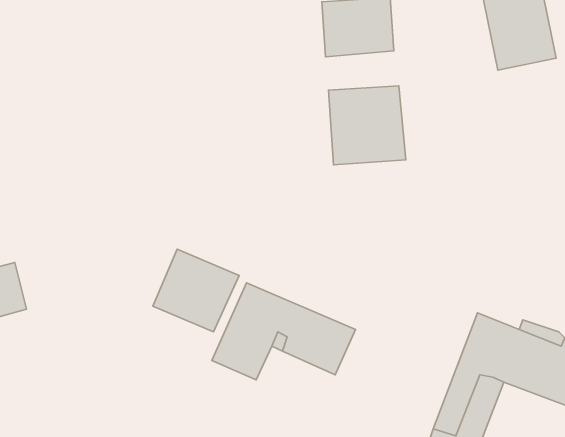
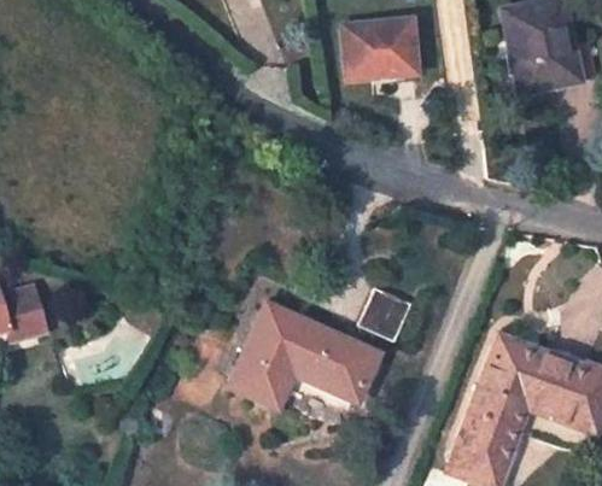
building: [328,86,406,165] -> none
building: [153,249,239,332] -> none
building: none -> [360,288,410,340]

